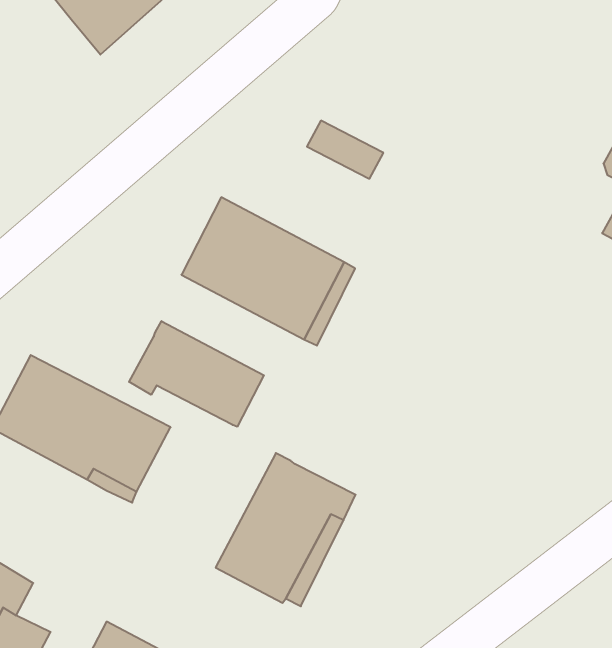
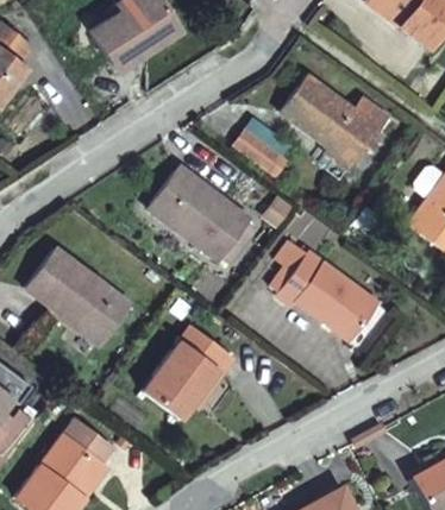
building: none -> [277,73,376,163]
building: none -> [275,250,376,336]
building: [129,321,264,427] -> none

